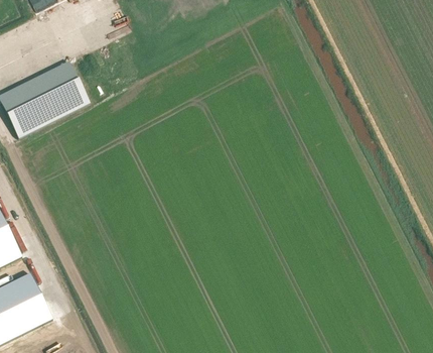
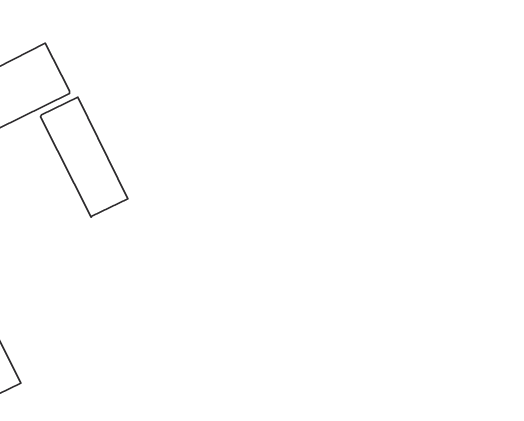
building: none -> [40,97,128,217]

